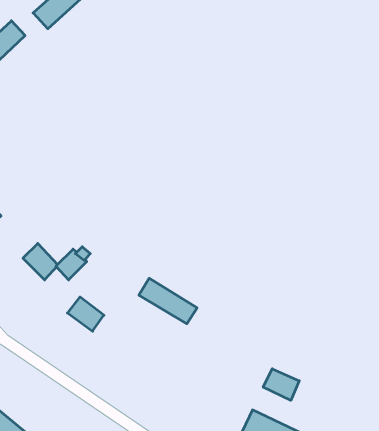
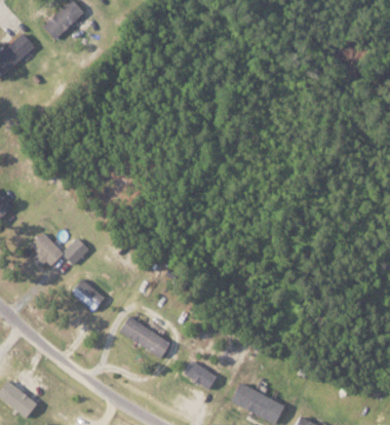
building: [139,278,197,324] -> [119,316,171,357]
building: [263,369,299,400] -> none
building: none -> [184,361,217,389]

